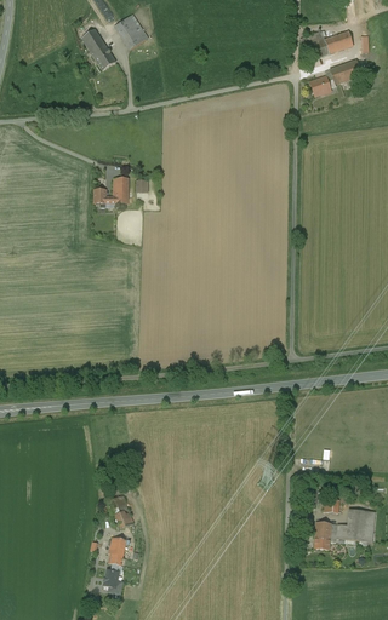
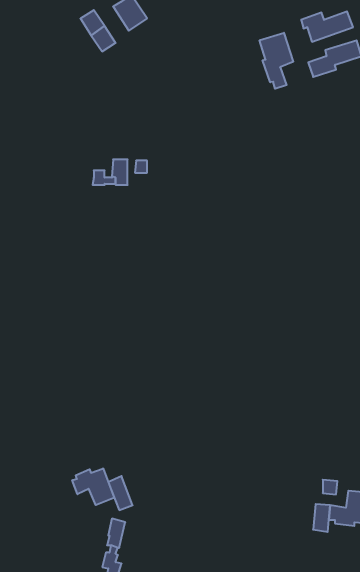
building: none -> [260,33,293,89]
building: none -> [72,468,114,505]

